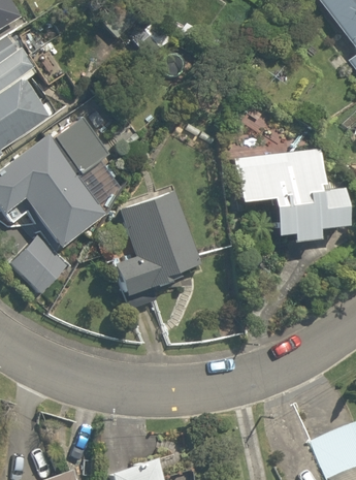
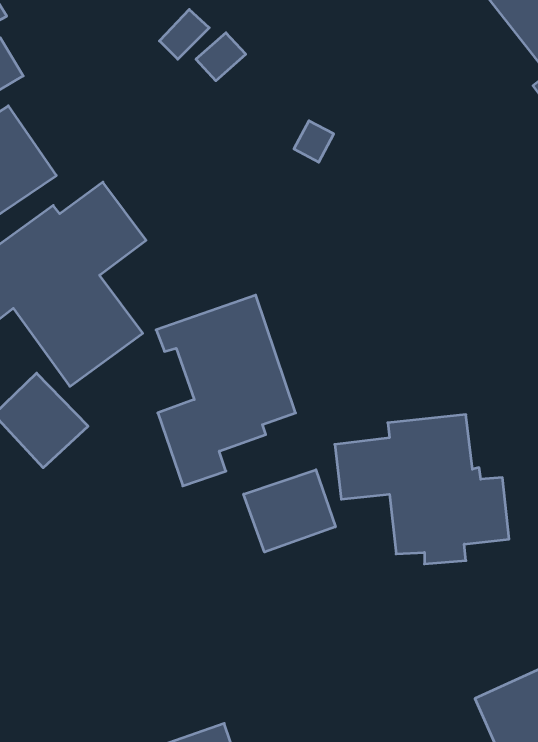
building: [236,149,345,242] -> [335,415,509,564]
building: none -> [244,470,335,552]

